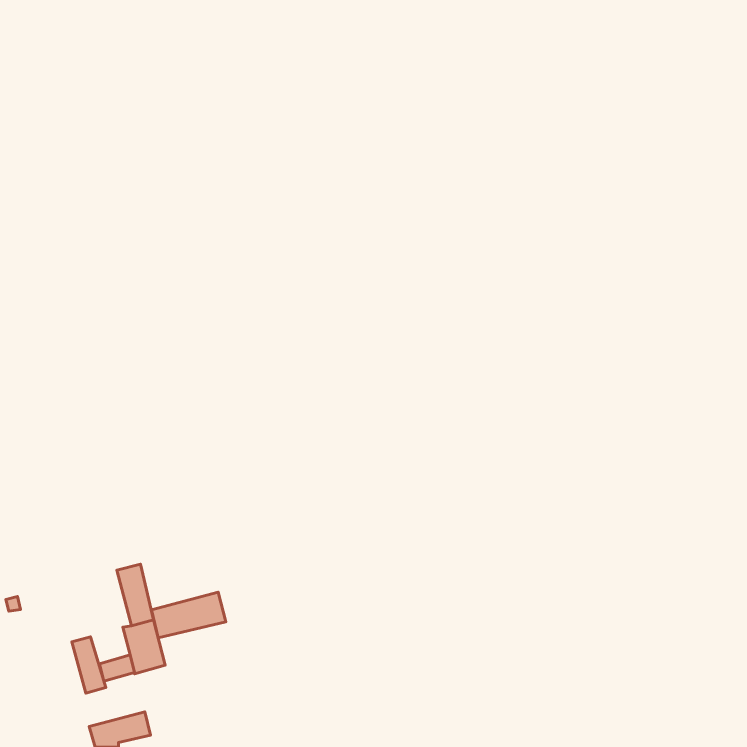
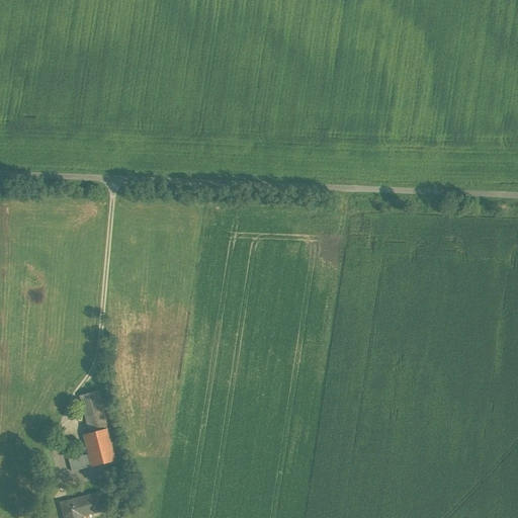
building: [152,592,226,638] -> none
building: [72,637,106,693] -> none

